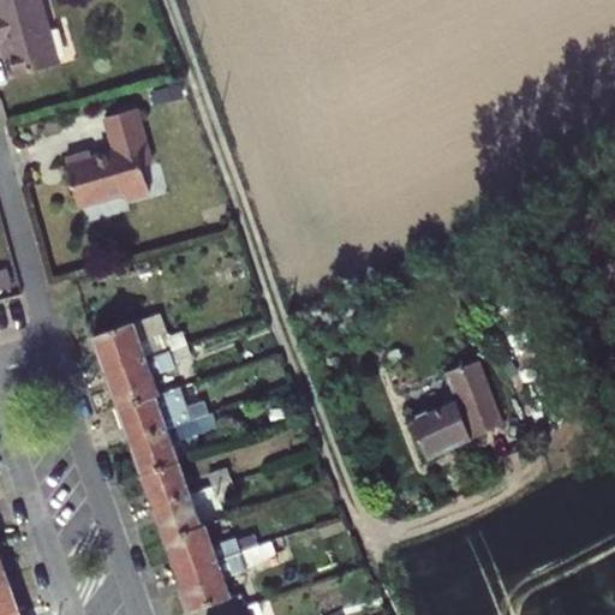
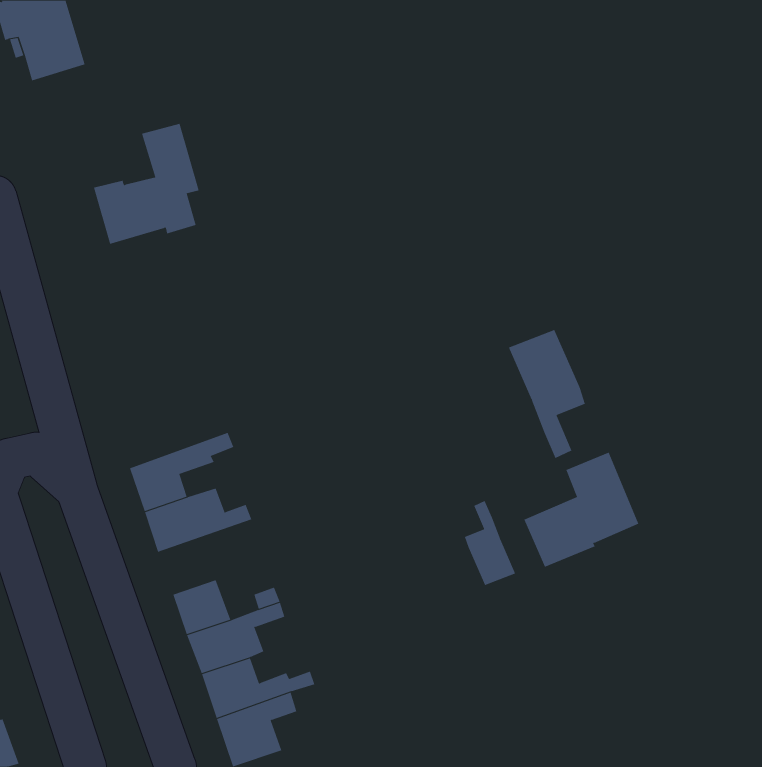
building: none -> [508,329,586,459]
building: [90,315,183,375] -> none
building: none -> [464,500,516,586]
building: [126,416,207,476] -> none

